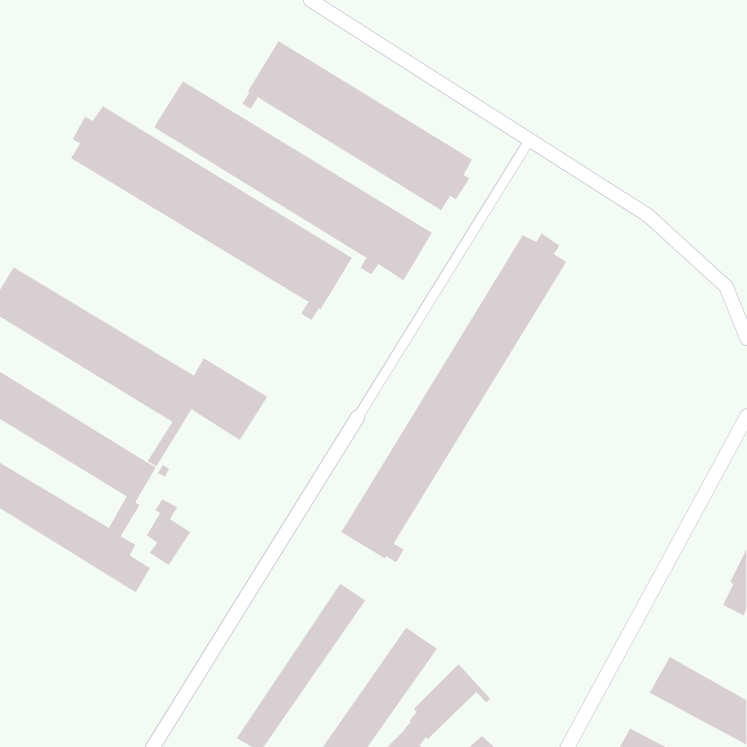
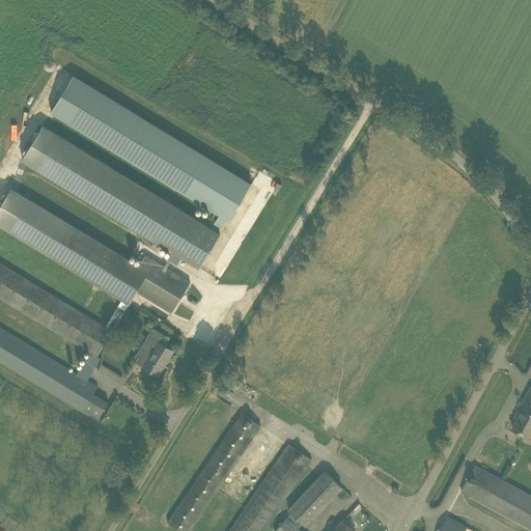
building: [242,40,473,211] -> none
building: [153,80,433,281] -> [21,127,219,269]
building: [341,232,567,563] -> none
building: [146,498,191,566] -> [140,328,172,375]

